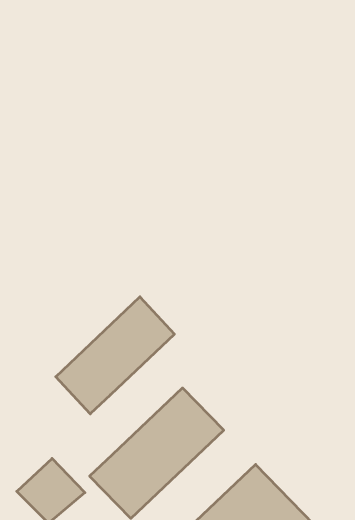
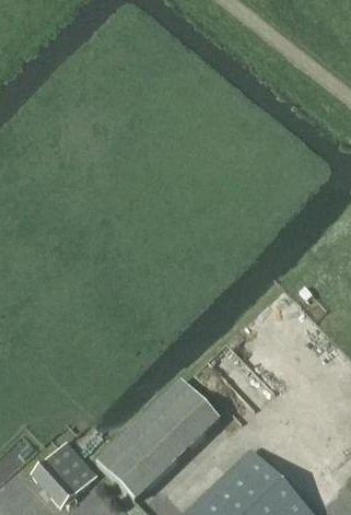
building: [56,297,174,414] -> none

